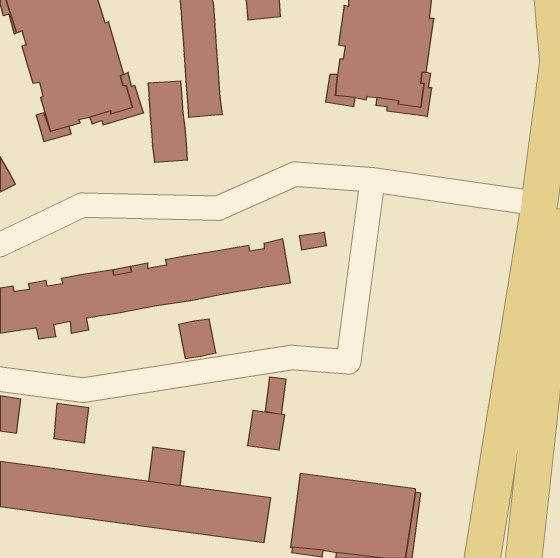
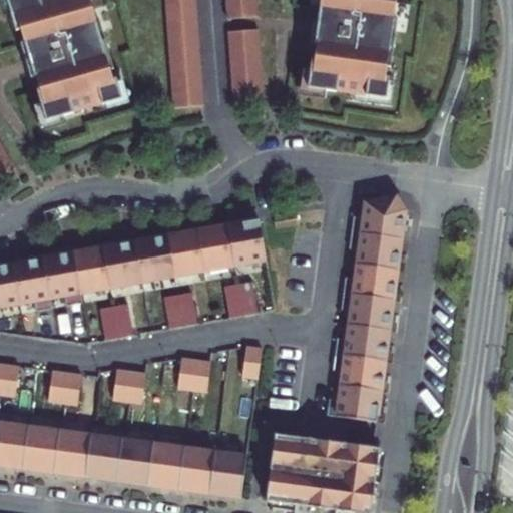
building: [148,81,188,162] -> [227,28,264,102]
building: none -> [328,195,406,422]
building: none -> [223,281,258,317]
building: none -> [99,303,133,339]
building: [247,410,285,450] -> [177,353,211,389]
building: [148,447,185,486] -> [113,362,146,397]

